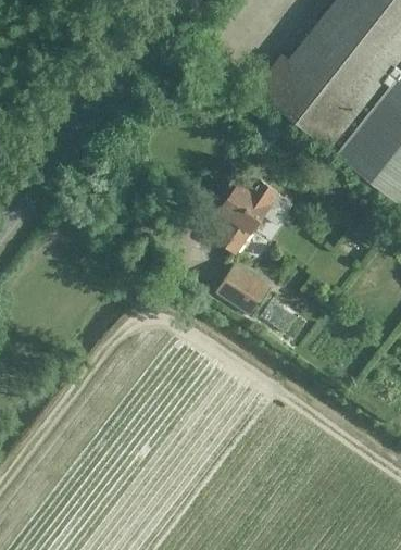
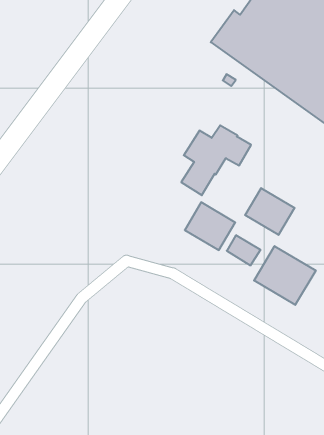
building: none -> [245,188,295,235]
building: none -> [254,246,316,305]

